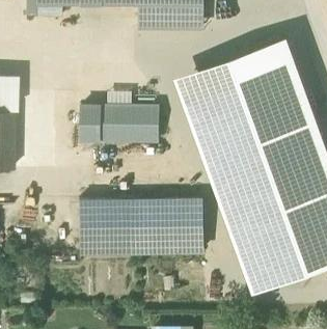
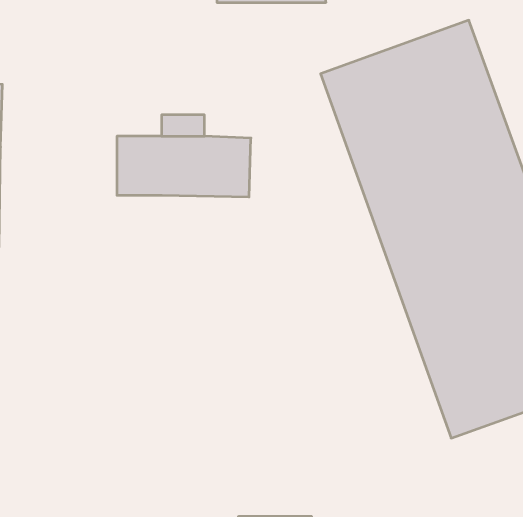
building: [175,70,275,290] -> none
building: [77,198,203,252] -> none

